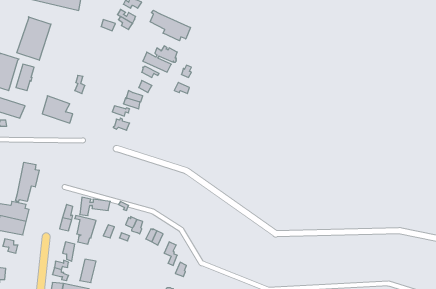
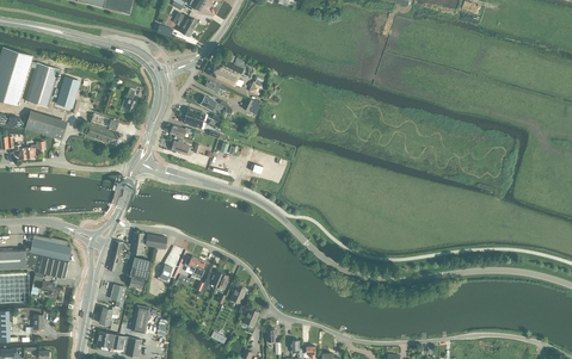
building: [150,10,190,41] -> none
building: [17,17,51,60] -> none
building: [15,162,39,202] -> none

